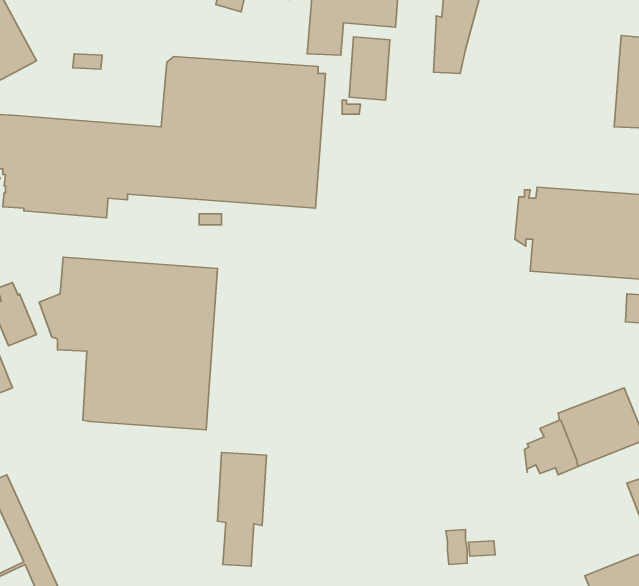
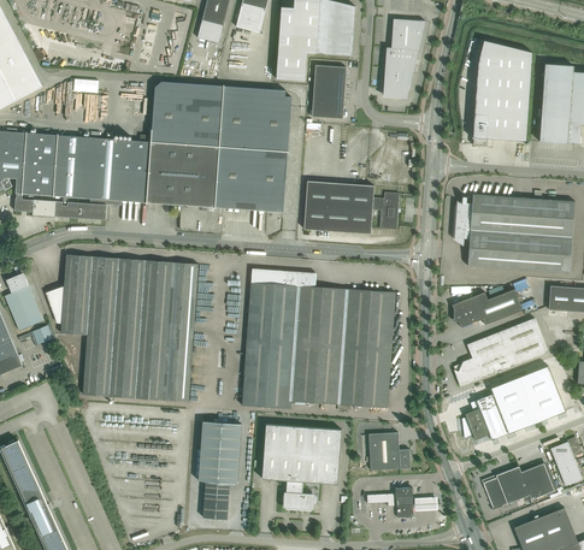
building: none -> [472,40,532,146]
building: none -> [303,181,400,233]
building: none -> [242,270,395,409]
building: none -> [452,289,523,327]
building: none -> [454,318,548,386]
building: none -> [262,424,342,509]
building: none -> [368,432,411,471]
building: none -> [484,463,554,509]

